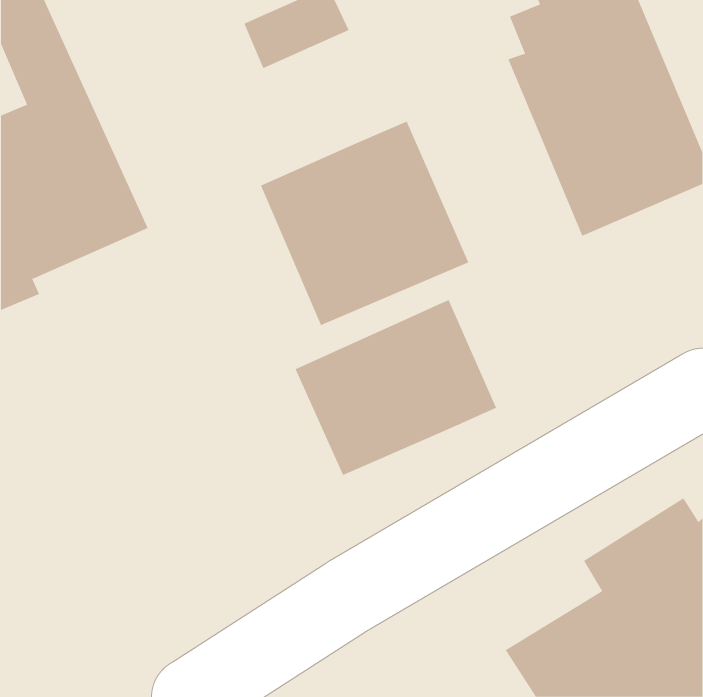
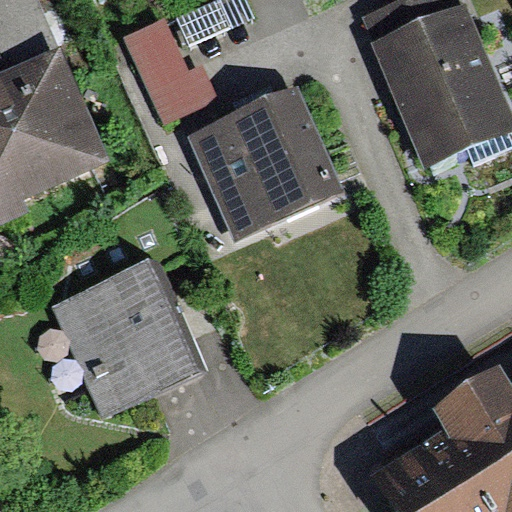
building: none -> [126,18,218,123]
building: [295,299,497,476] -> none
building: none -> [51,258,205,418]

